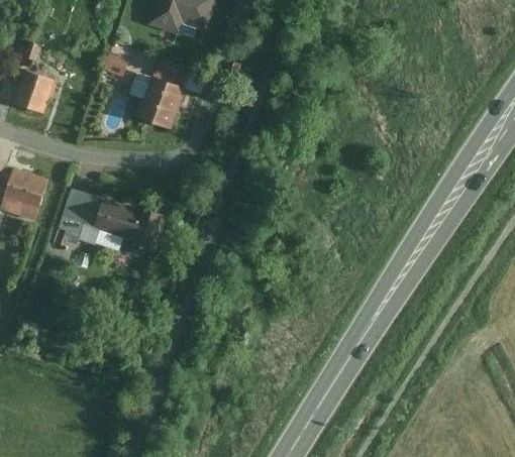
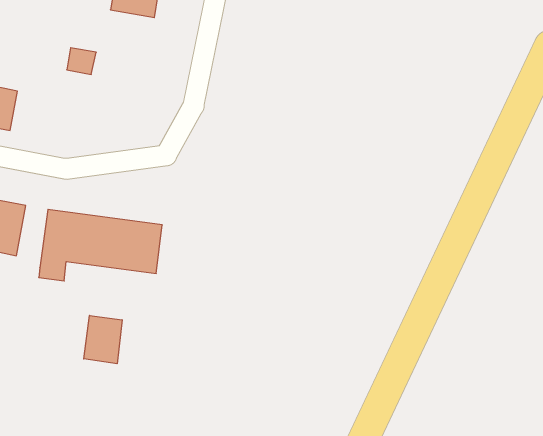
building: [127,76,186,130] -> none
building: none -> [84,315,122,364]

